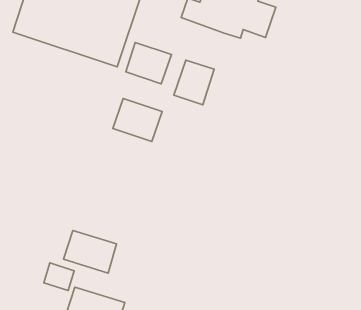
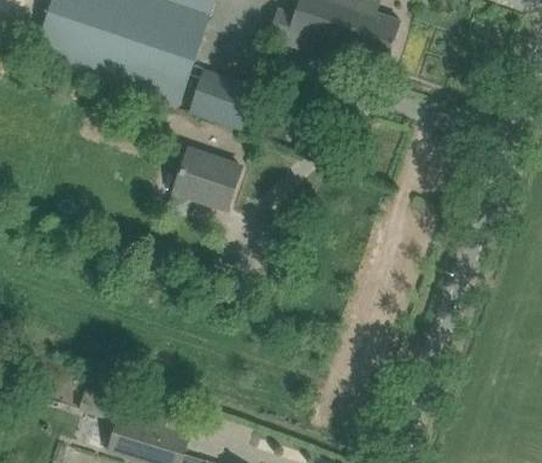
building: [174,60,214,105] -> none
building: [64,231,117,273] -> none

